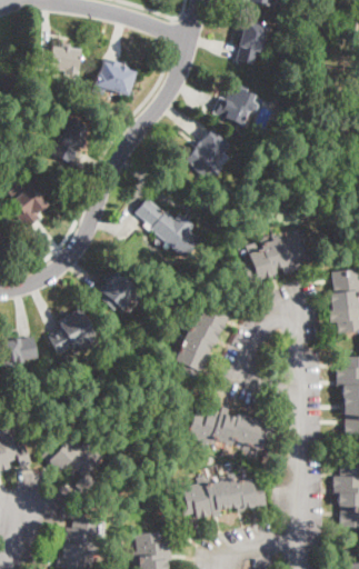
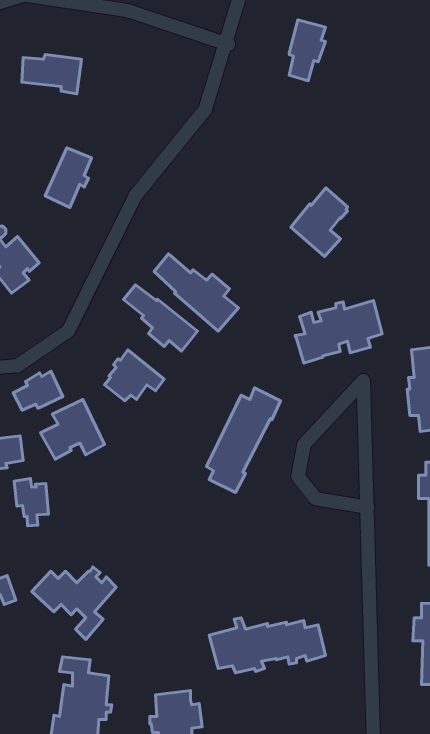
building: [93,59,134,96] -> none
building: [215,83,258,126] -> none
building: [185,130,228,182] -> [291,188,348,256]
building: none -> [123,285,197,351]
building: none -> [13,371,63,410]
building: none -> [14,479,49,526]
building: [187,408,278,452] -> none

